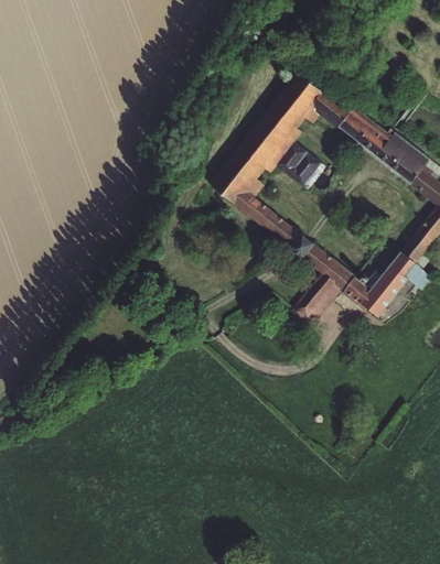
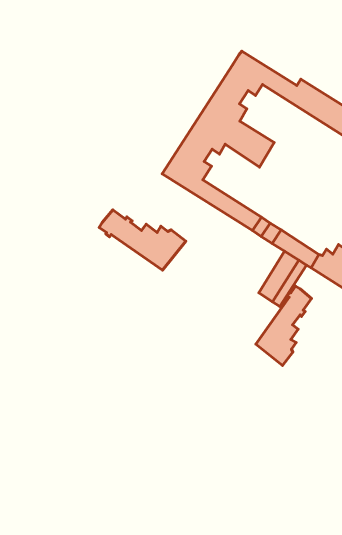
building: none -> [99,210,186,270]
building: none -> [256,286,312,366]

